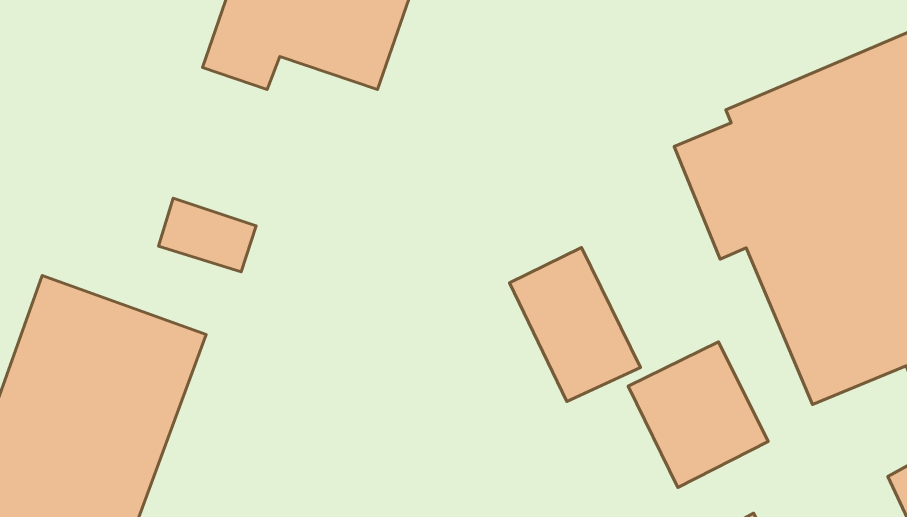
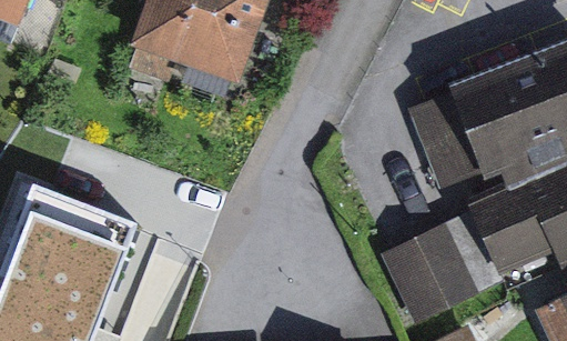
building: [509,247,641,401] -> none

